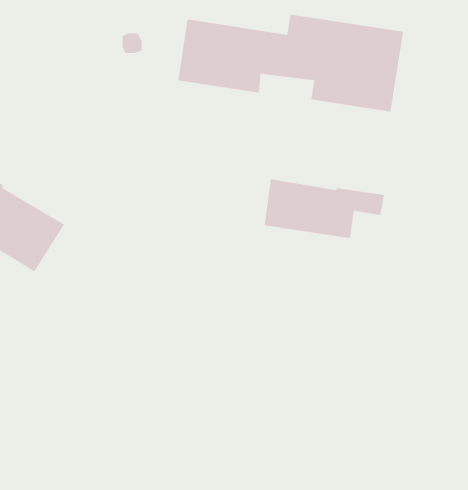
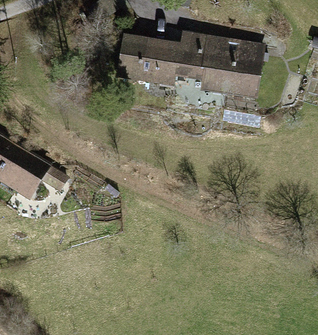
building: [264,179,384,239] -> none

